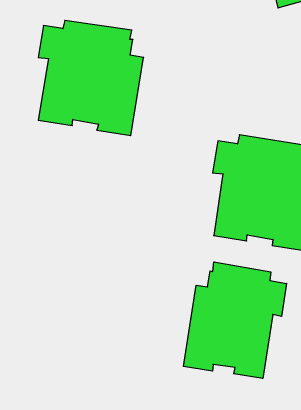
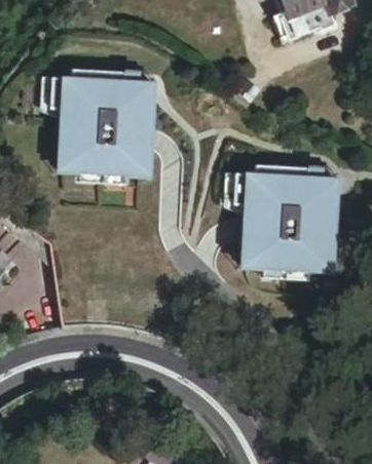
building: [184,262,287,378] -> none

